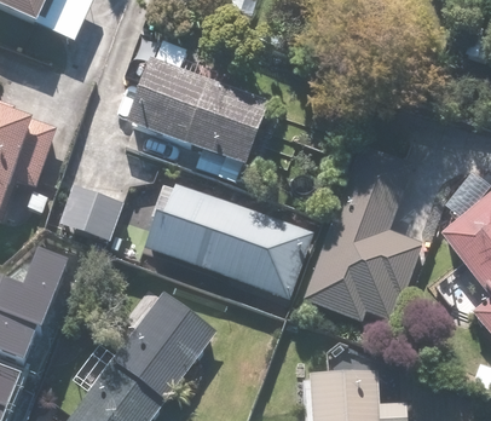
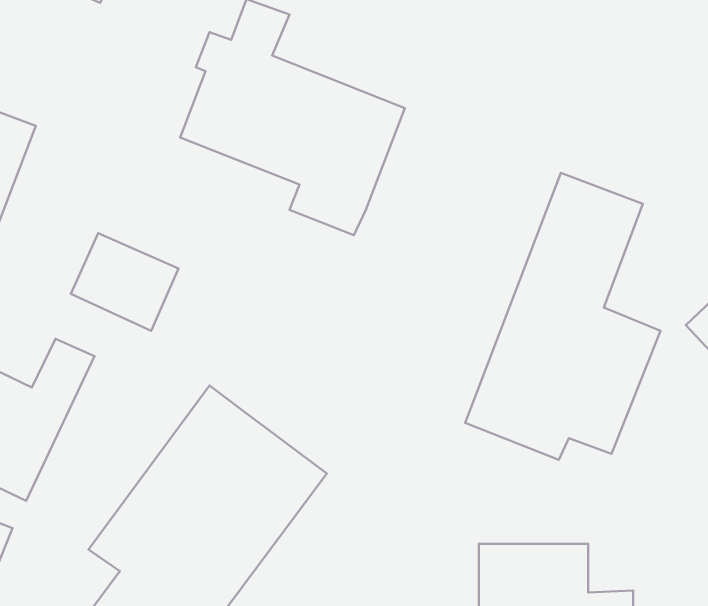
building: [140,183,313,300] -> none

